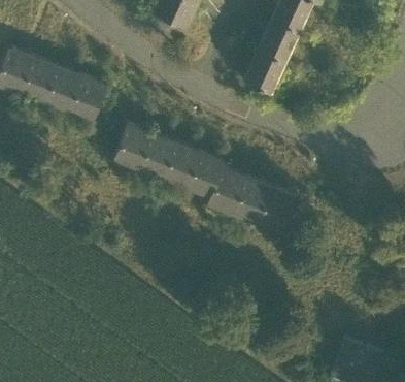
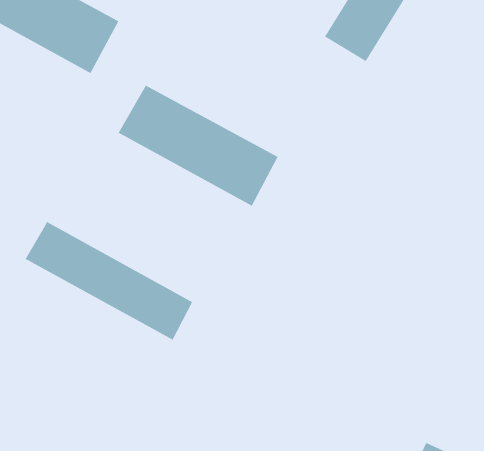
building: [205,167,295,233] -> none
building: none -> [25,221,193,340]

